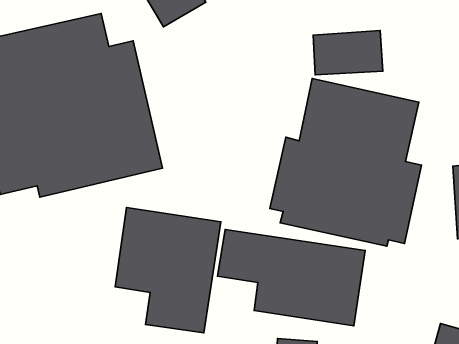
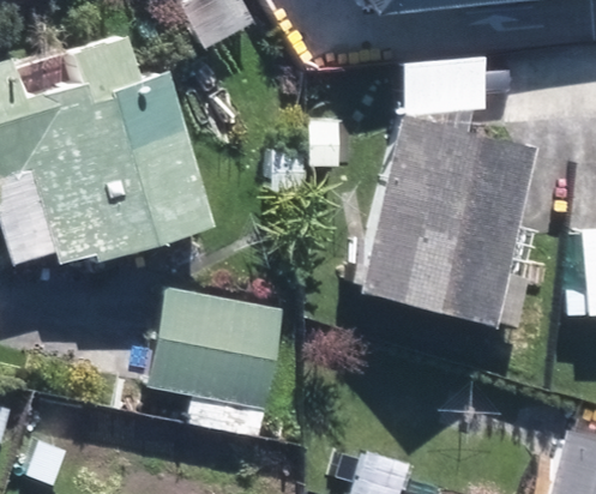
building: [218,230,365,326] -> none

